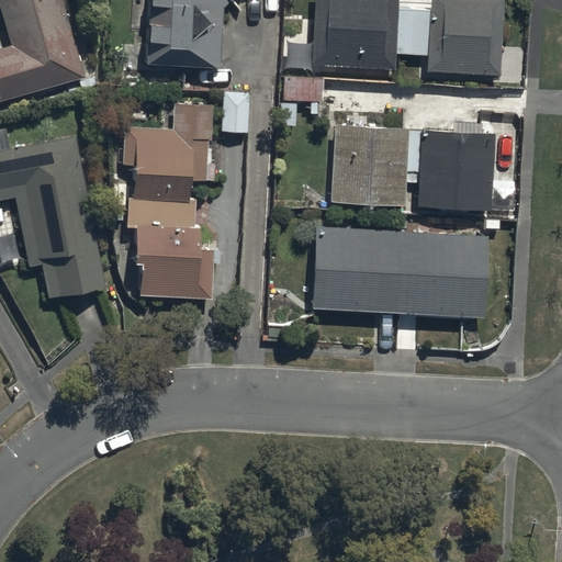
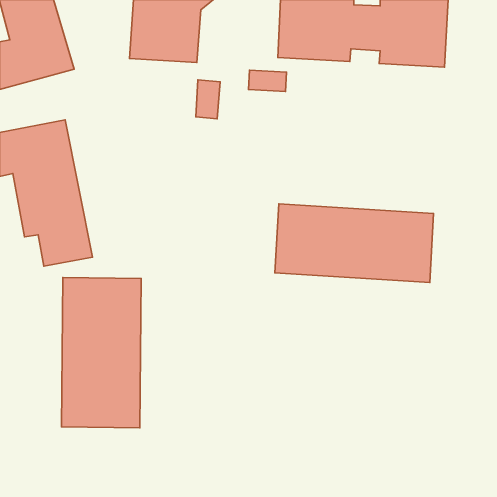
building: [122,103,215,300] -> none
building: [329,122,496,212] -> none
building: none -> [62,278,141,428]

